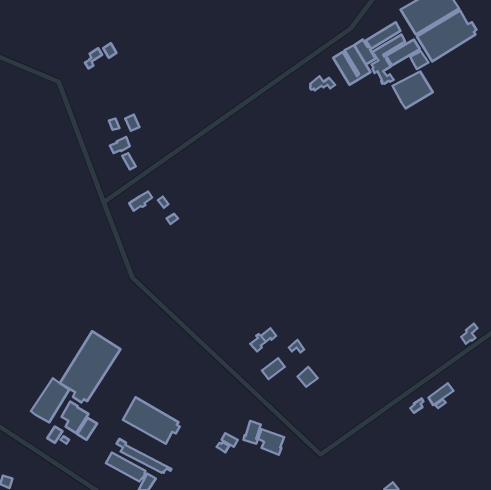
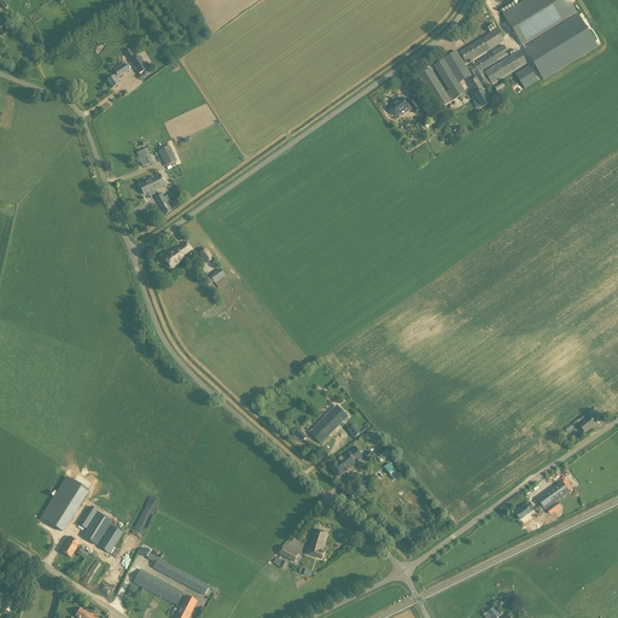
building: [393,72,433,109] -> none
building: [60,331,121,402] -> none
building: [123,397,180,444] -> none
building: [258,429,284,455] -> none

